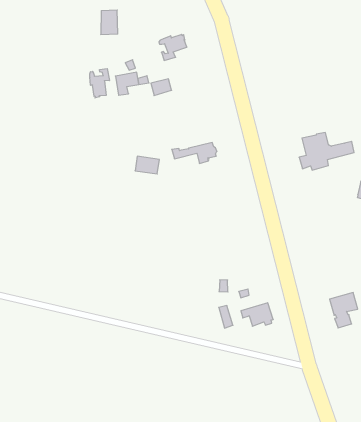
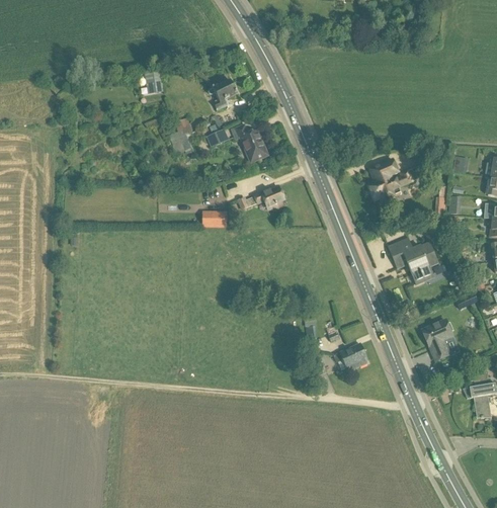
building: [90,69,109,98] -> none
building: none -> [232,125,266,162]
building: none -> [388,239,438,284]

